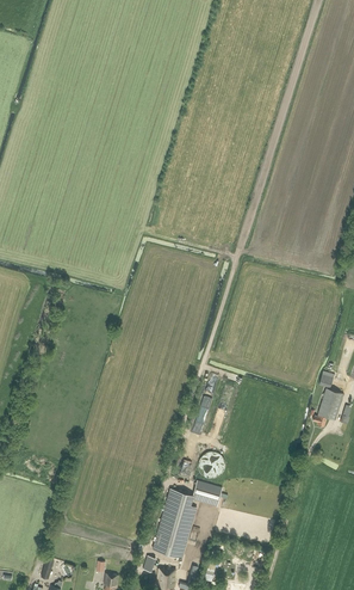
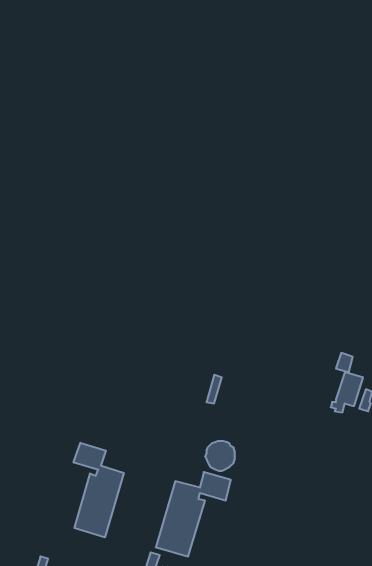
building: none -> [74,443,124,537]

